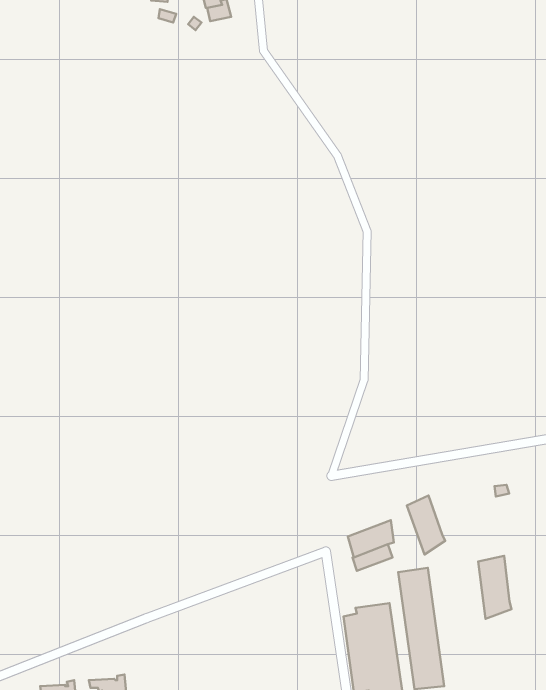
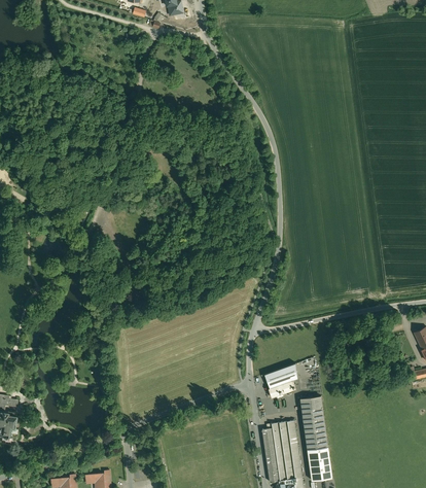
building: [407,496,445,554] -> none
building: [478,556,511,619] -> none

